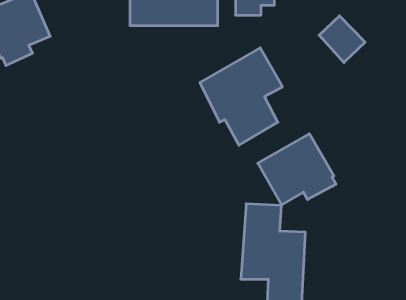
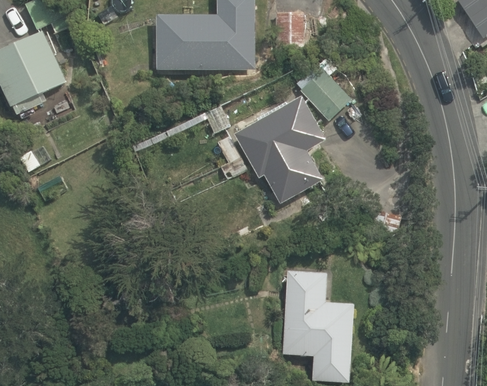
building: [319,16,365,63] -> [299,68,351,121]
building: [258,134,336,205] -> none

